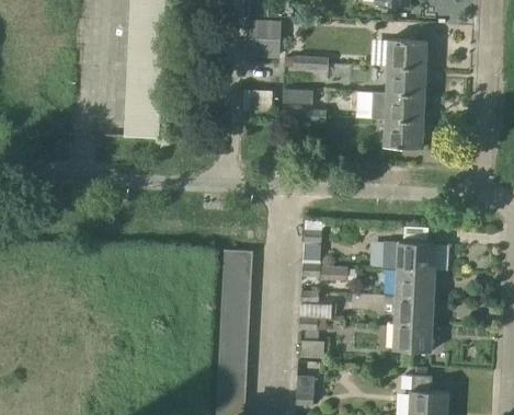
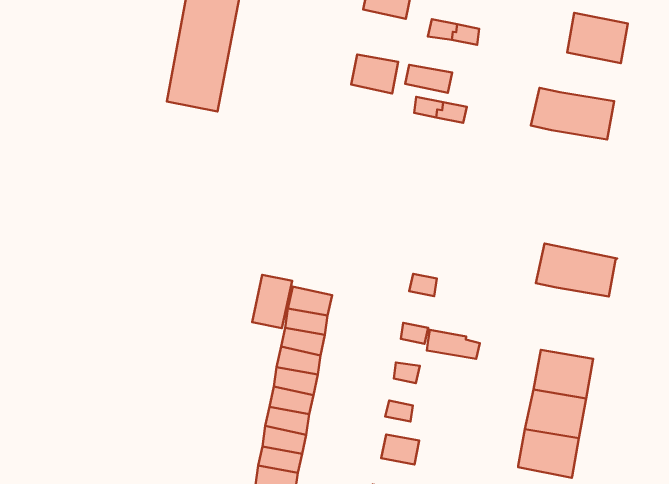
building: [387,66,425,94] -> none
building: [384,119,423,148] -> none
building: [384,240,436,269] -> [536,244,617,296]
building: none -> [252,275,292,328]

